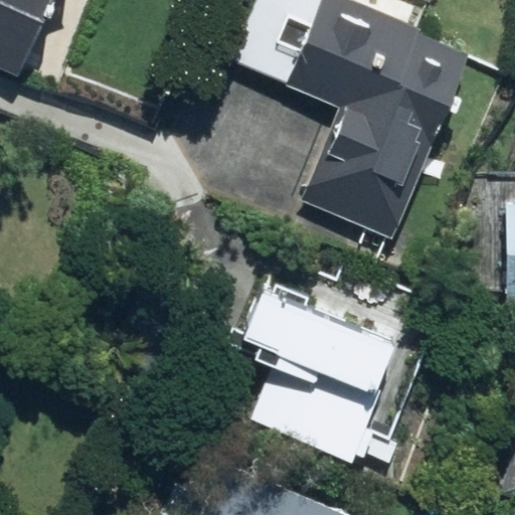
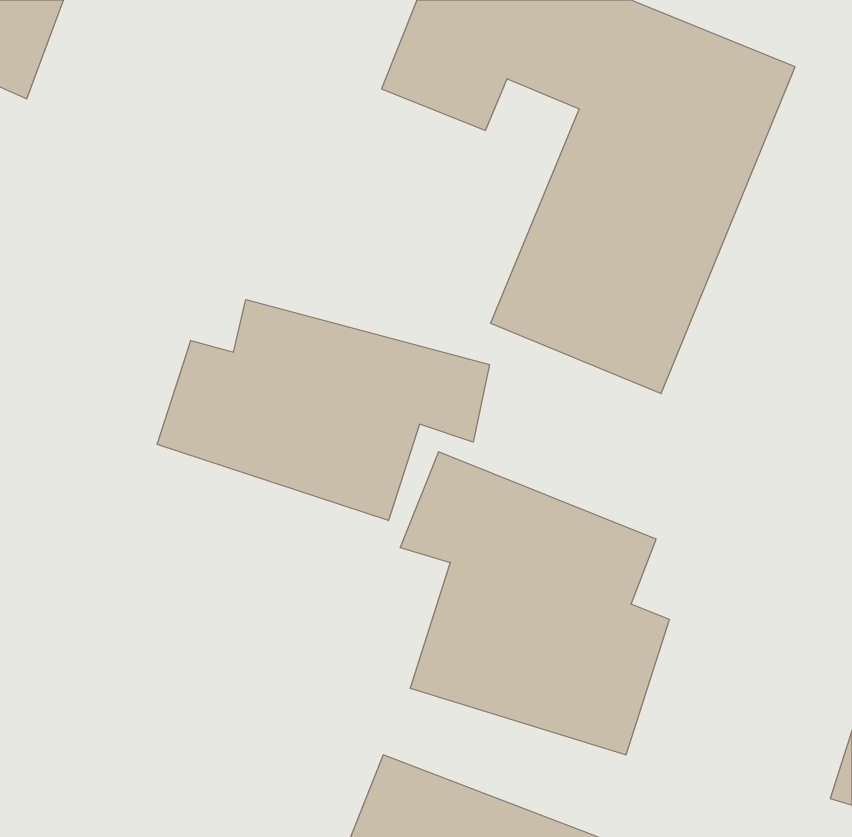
building: none -> [157,300,489,521]

